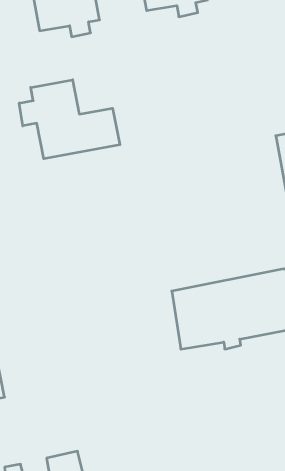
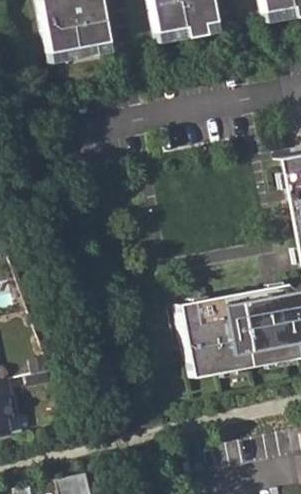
building: [19,80,120,159] -> none

